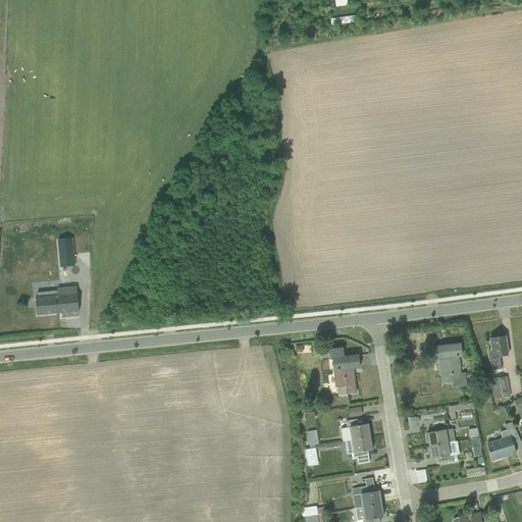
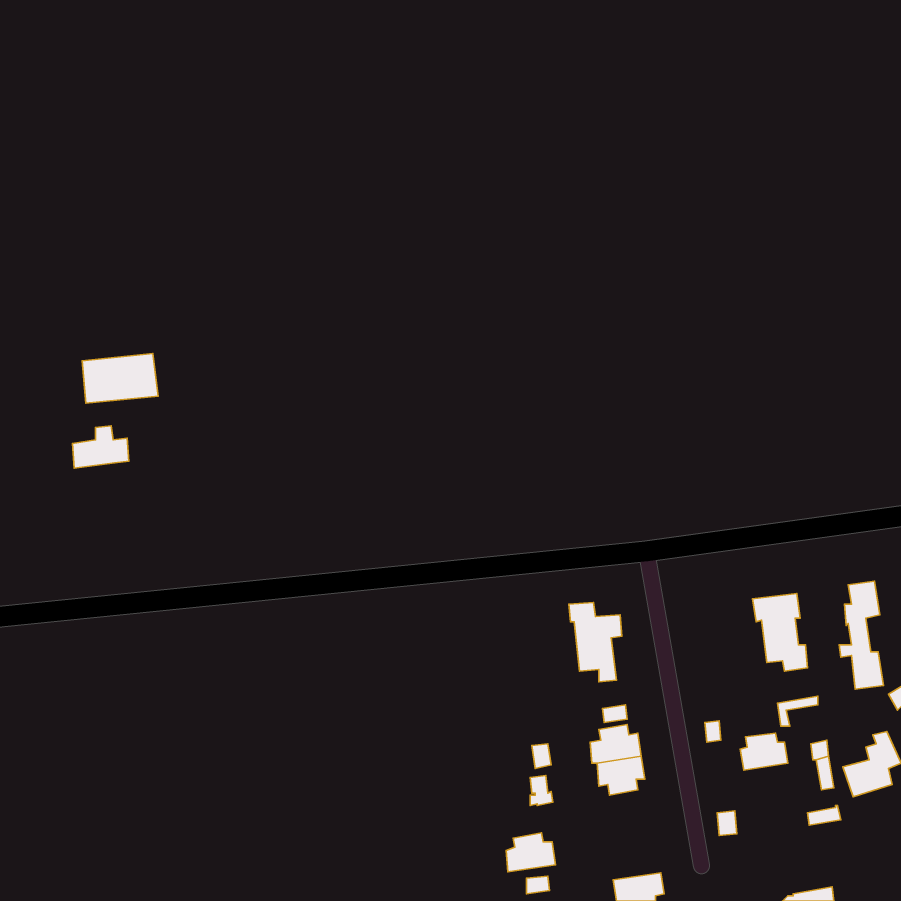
building: [36,285,80,314] -> [82,354,158,403]
building: [430,440,460,463] -> none
building: [354,485,382,508] -> [506,833,556,872]

